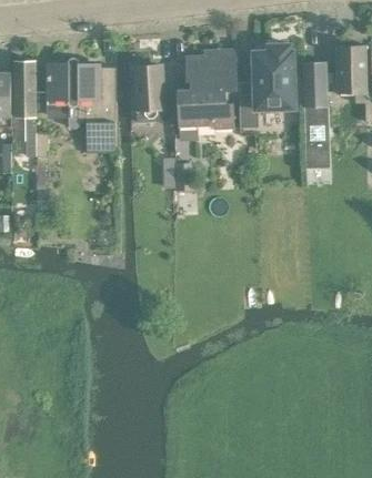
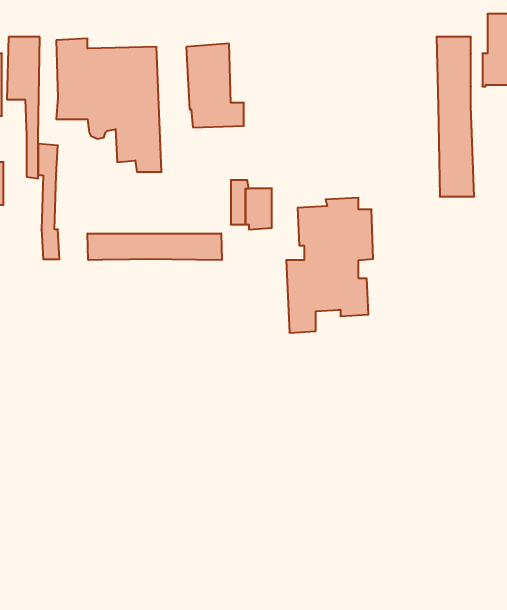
building: [240,43,295,126] -> none
building: [177,47,235,138] -> [286,198,373,333]
building: none -> [88,233,222,260]

